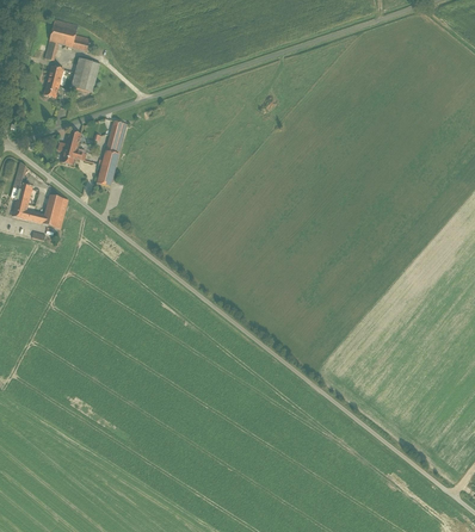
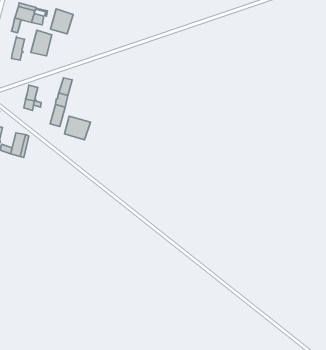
building: none -> [50,9,73,34]
building: none -> [65,116,90,140]

